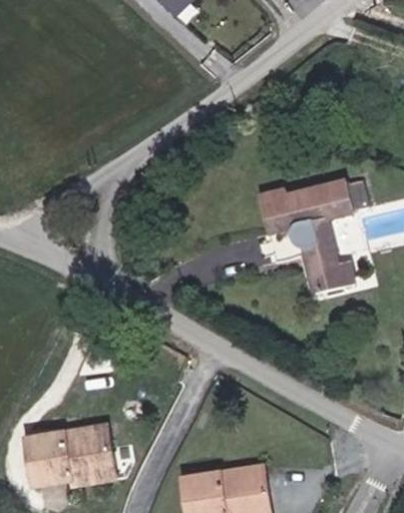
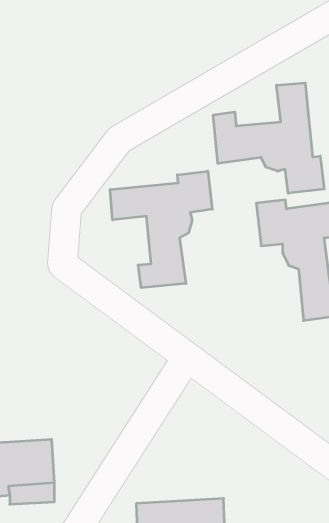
building: none -> [213,83,324,193]
building: none -> [110,171,212,288]

